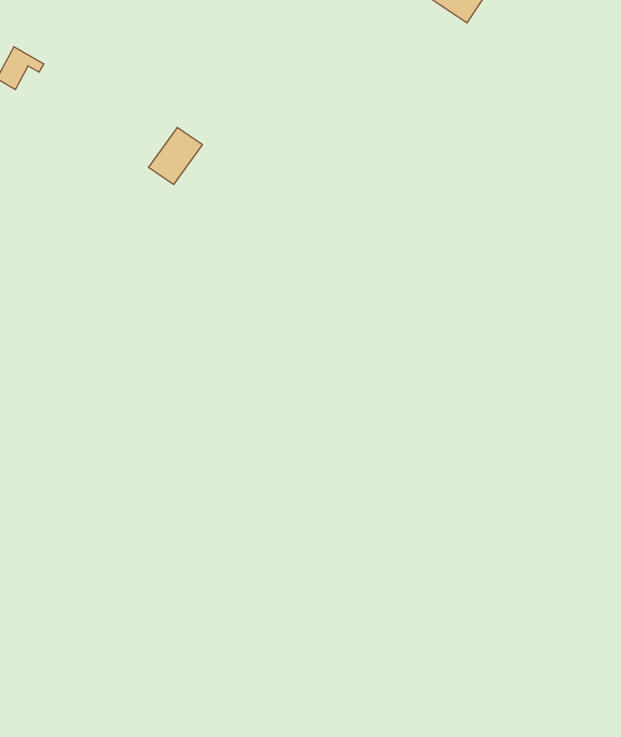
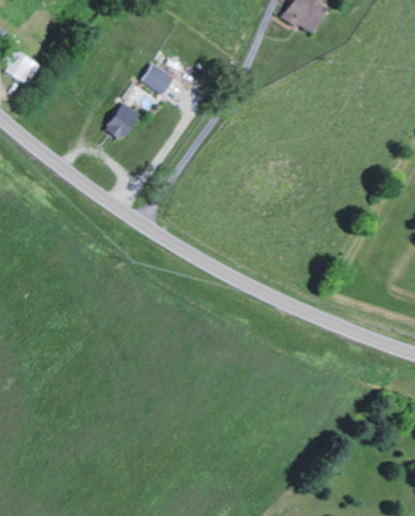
building: none -> [142,63,175,95]

